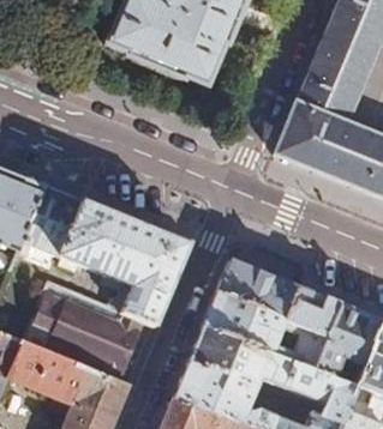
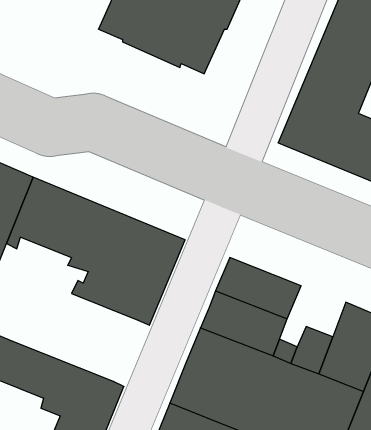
building: [24,280,144,375] -> none
building: [285,285,340,333] -> none

